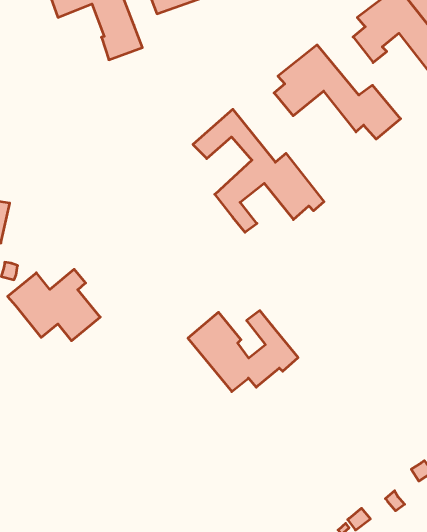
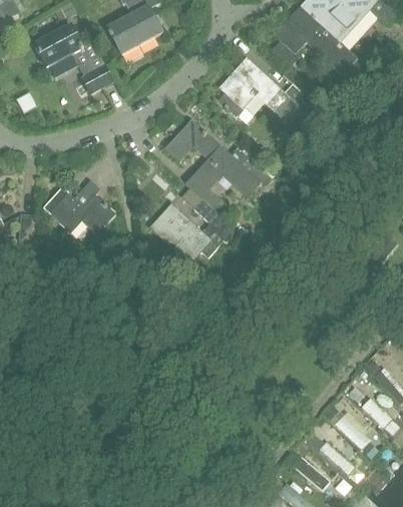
building: [8,269,100,341] -> [44,179,116,234]
building: [188,311,298,392] -> [151,198,237,263]

